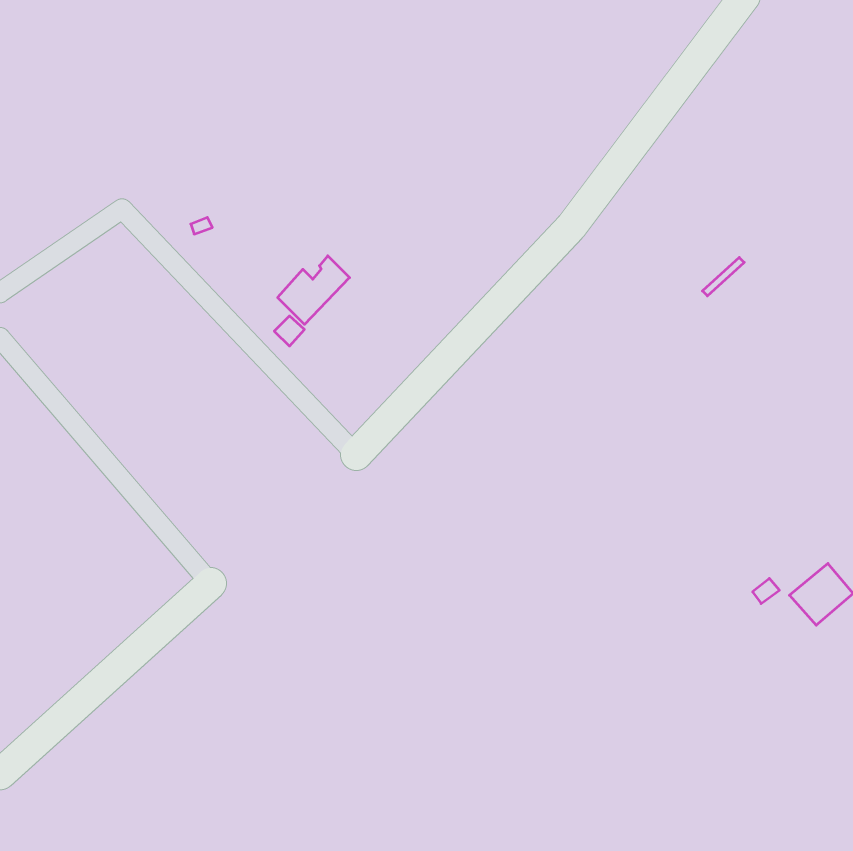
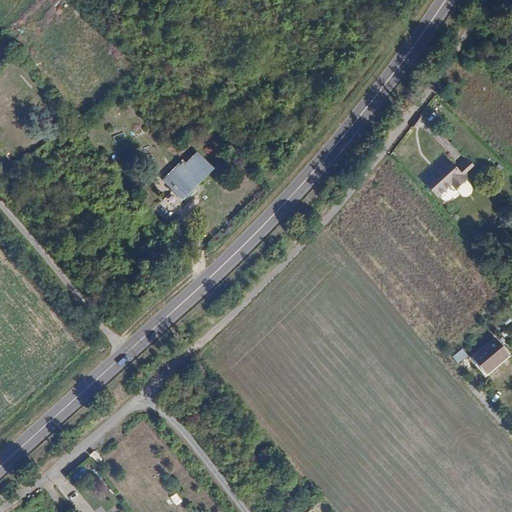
building: none -> [432,165,474,201]

